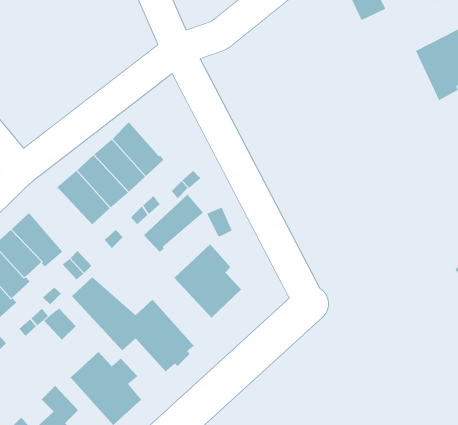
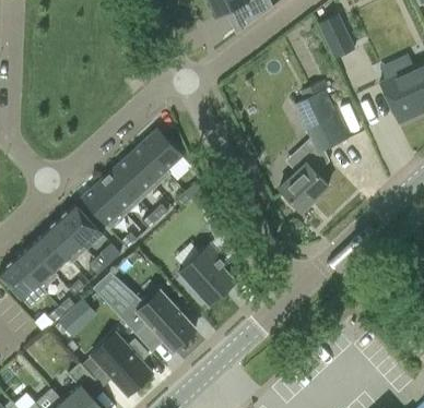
building: none -> [280,89,348,212]
building: none -> [141,128,184,171]
building: none -> [58,203,103,251]
building: [143,194,204,253] -> none

